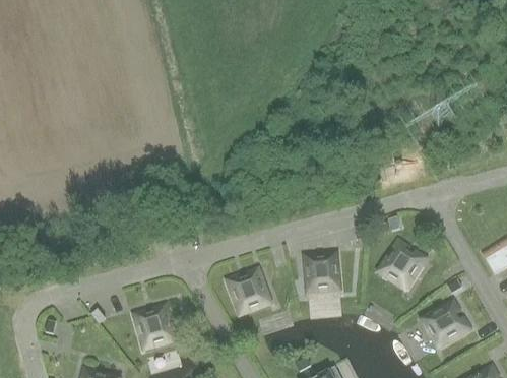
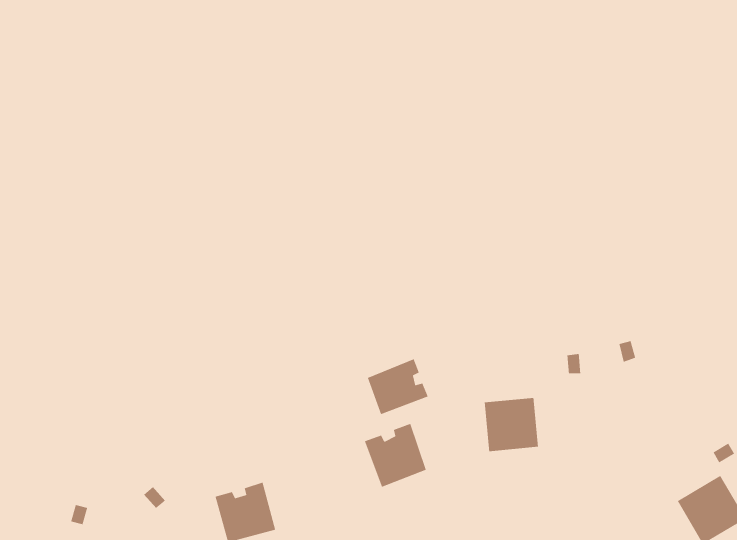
building: none -> [367,358,429,415]
building: [383,242,426,286] -> none

